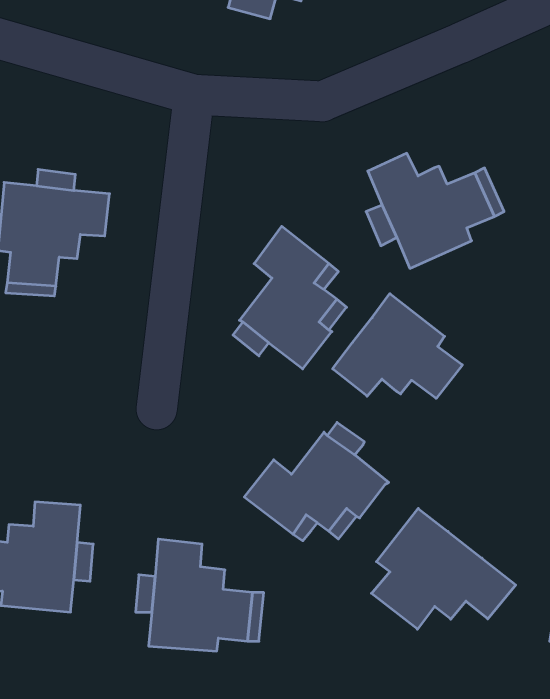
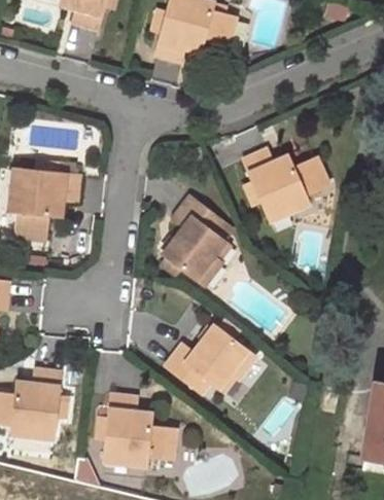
building: [333,294,462,398] -> none
building: [371,508,516,629] -> none

